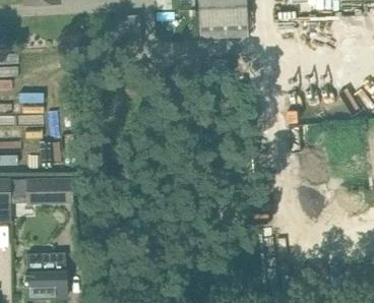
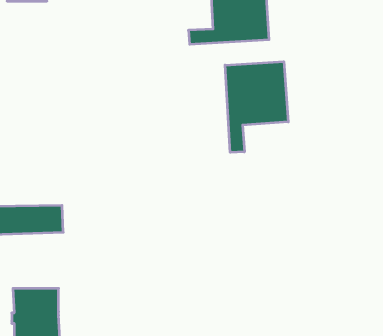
building: none -> [225,62,288,152]

